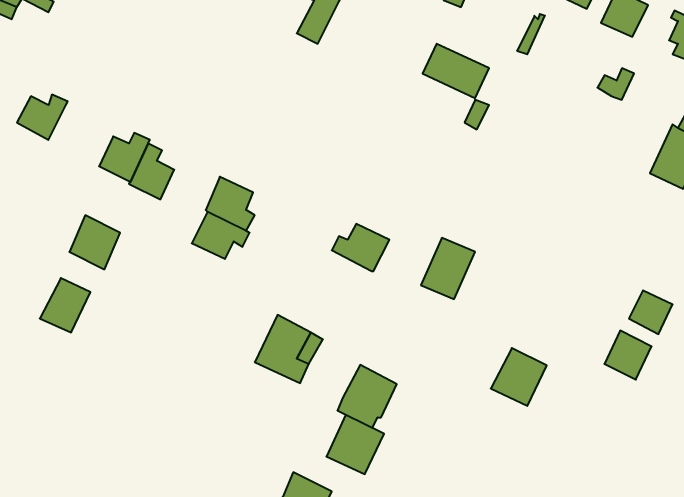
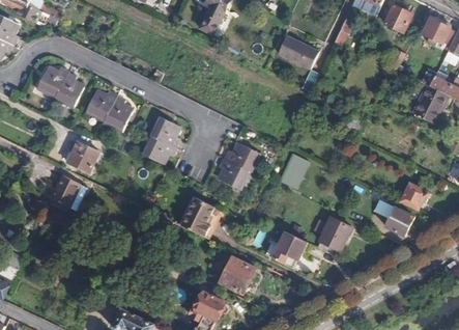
building: none -> [56,73,82,104]
building: none -> [218,159,248,190]
building: [337,365,397,428] -> [272,231,308,269]

